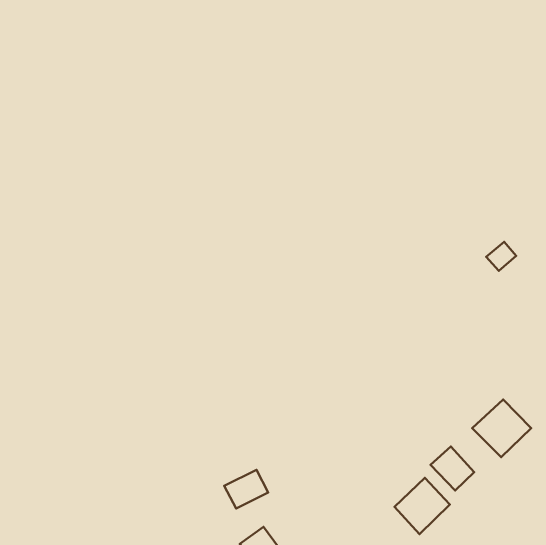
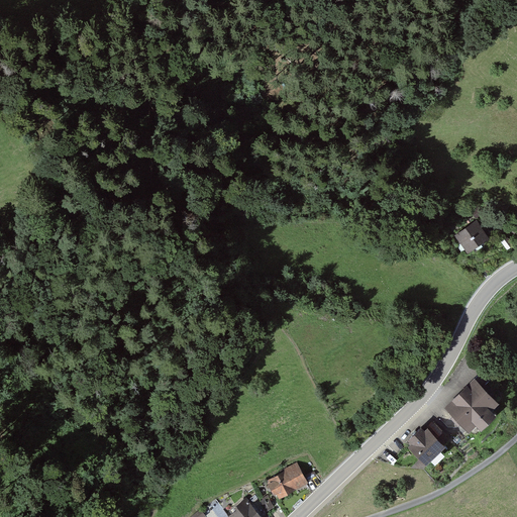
building: [224,470,268,508] -> [266,462,307,499]
building: [395,478,450,534] -> none

